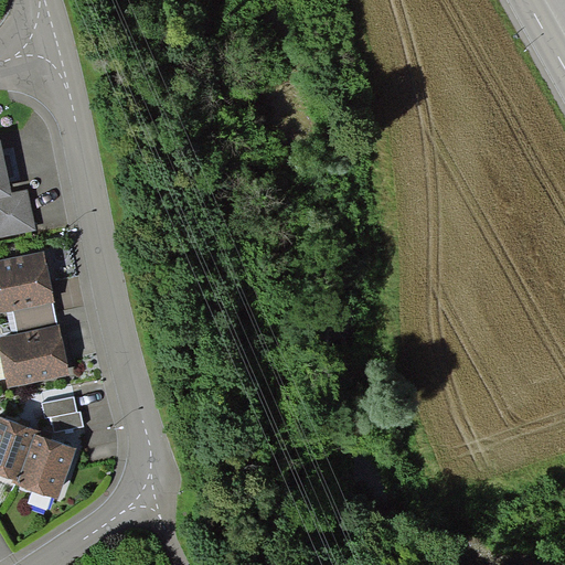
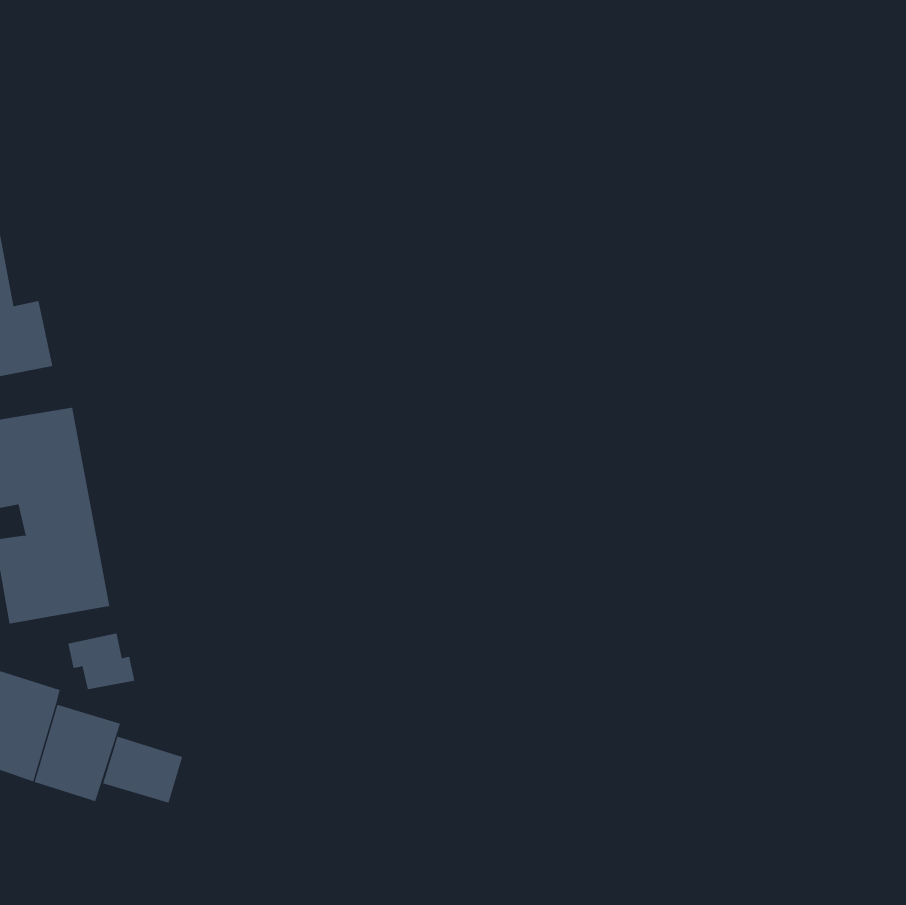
building: none -> [103,736,183,804]

